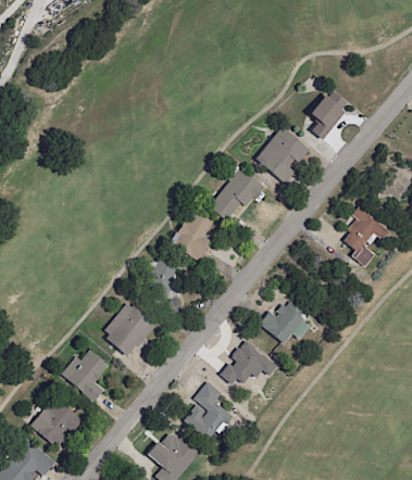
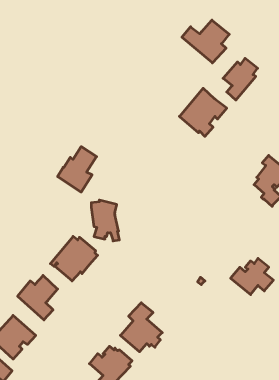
building: none -> [182,20,229,63]
building: [209,165,266,222] -> none
building: [170,207,216,262] -> [58,147,97,192]
building: [259,301,310,344] -> [231,258,273,295]
building: [220,339,278,384] -> none

